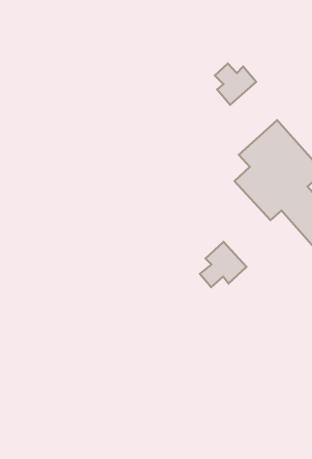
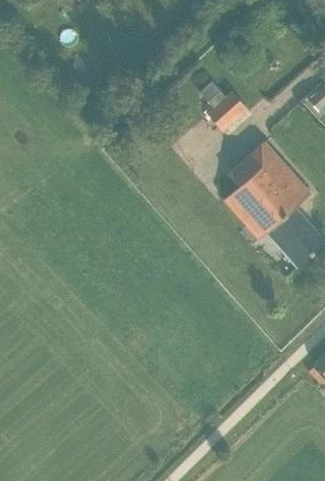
building: [200,242,247,287] -> none

